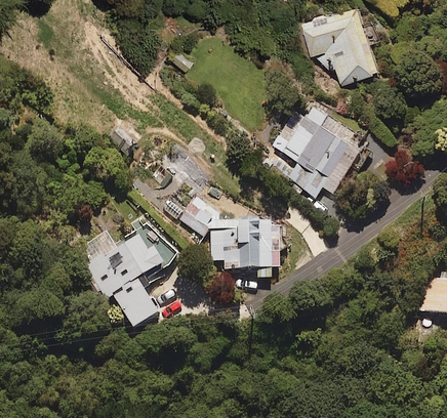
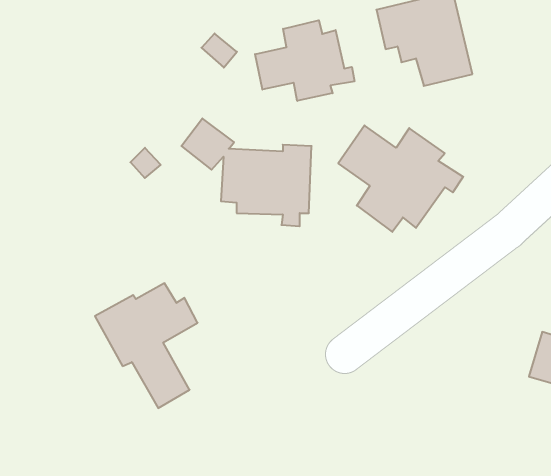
building: none -> [255,20,354,101]
building: [178,195,280,279] -> [181,118,312,226]

